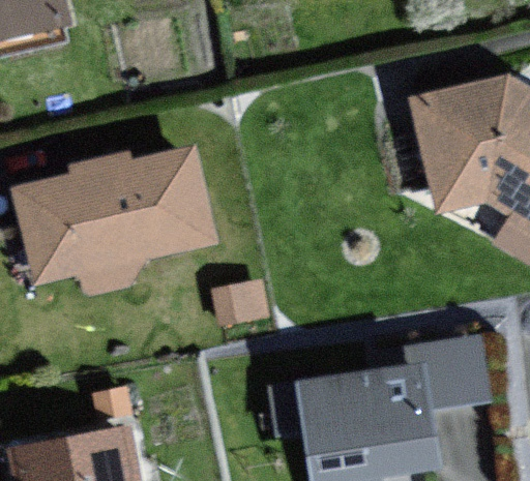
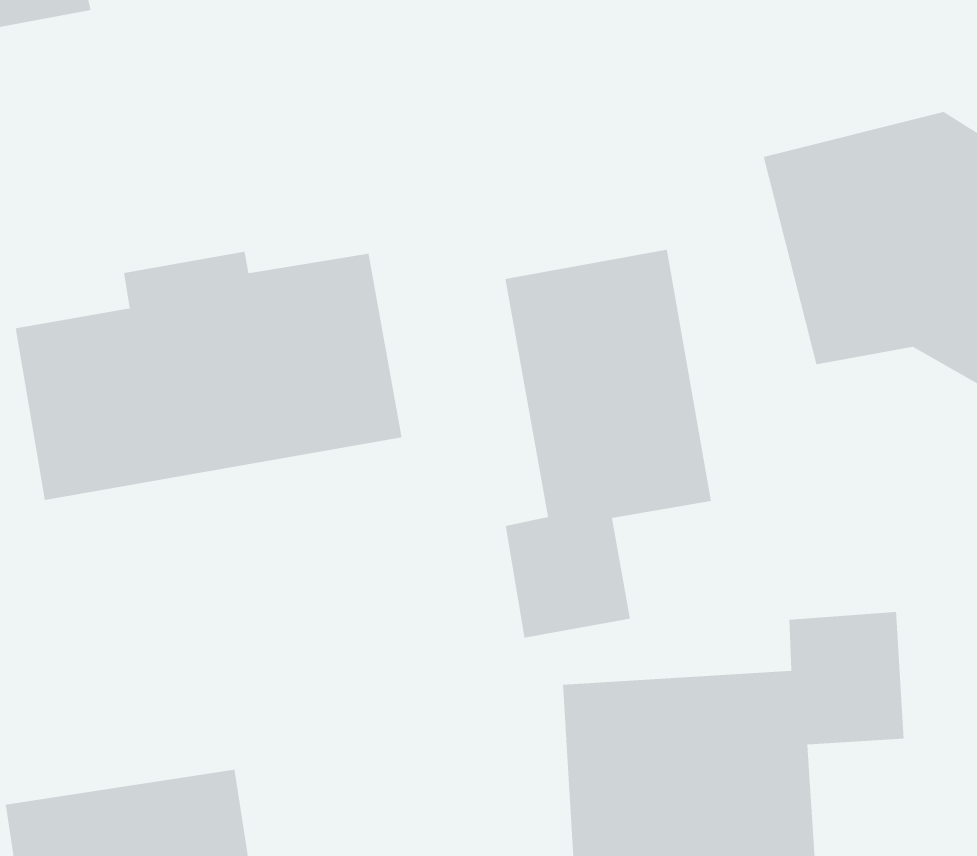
building: none -> [504,249,712,639]

